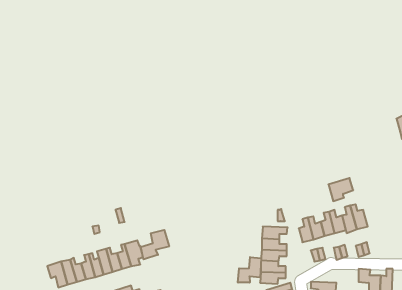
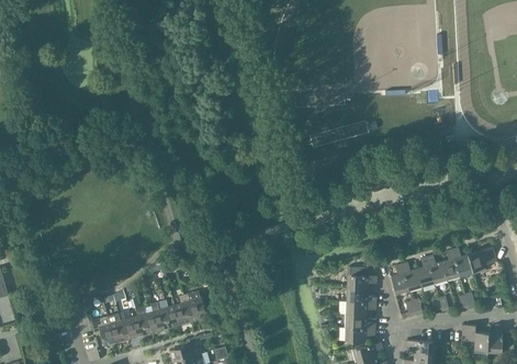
building: [328,178,353,201] -> [467,247,496,274]
building: [141,230,169,259] -> none
building: [238,257,261,283] -> none

